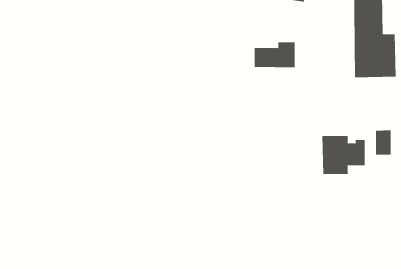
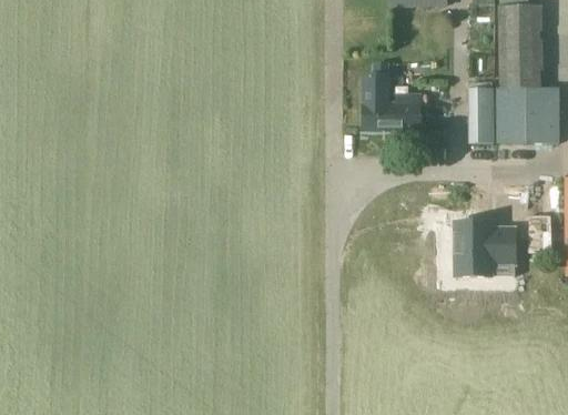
building: none -> [364,61,390,102]
building: none -> [469,85,495,141]

